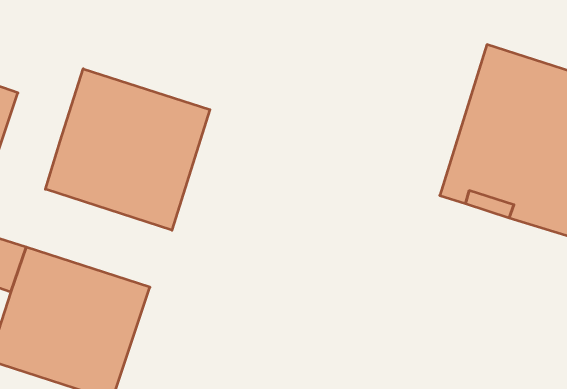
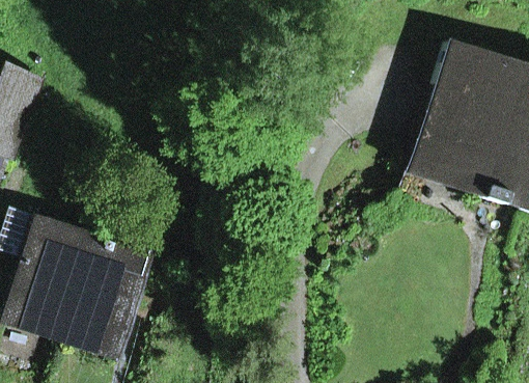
building: [45,69,210,230] -> none

